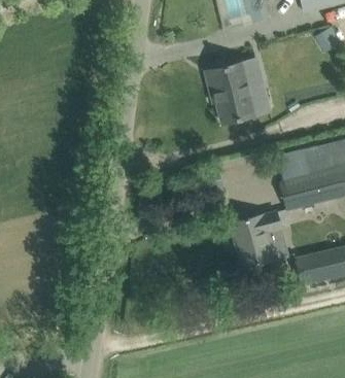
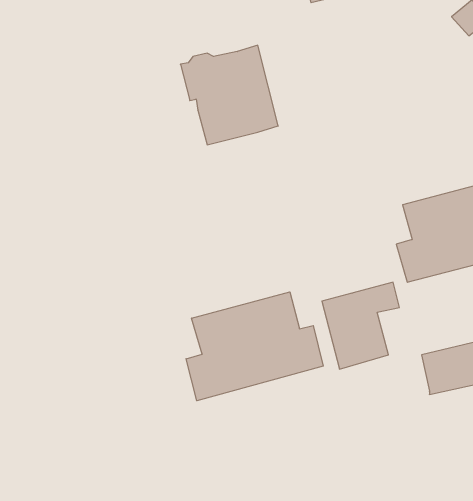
building: [205,58,269,123] -> [180,45,278,145]
building: none -> [186,292,323,401]

